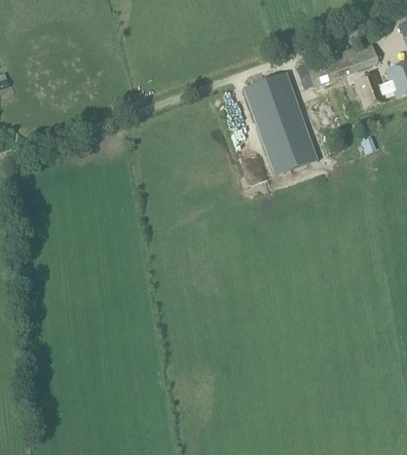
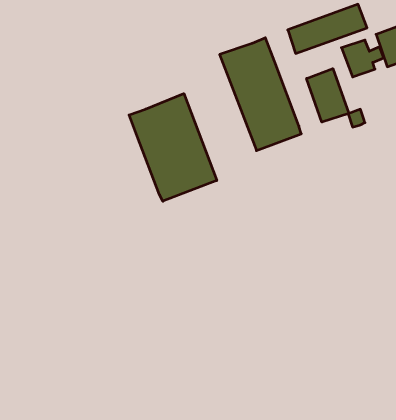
building: none -> [307,69,349,122]
building: none -> [129,94,217,201]

